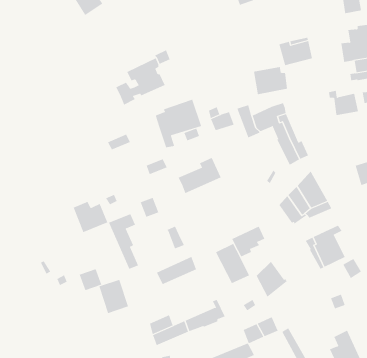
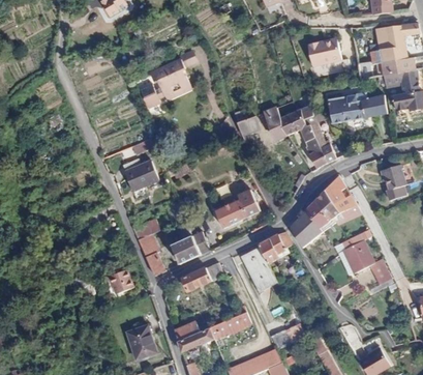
building: [253,66,288,95] -> [328,95,363,124]
building: [155,99,202,148] -> none
building: [178,157,221,194] -> [215,191,260,228]
building: [73,201,108,233] -> [122,158,158,191]
building: none -> [172,227,200,264]
building: [256,261,288,297] -> [290,210,322,248]
building: [98,279,129,314] -> [125,325,156,360]

